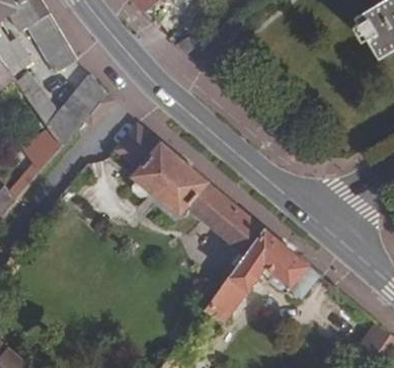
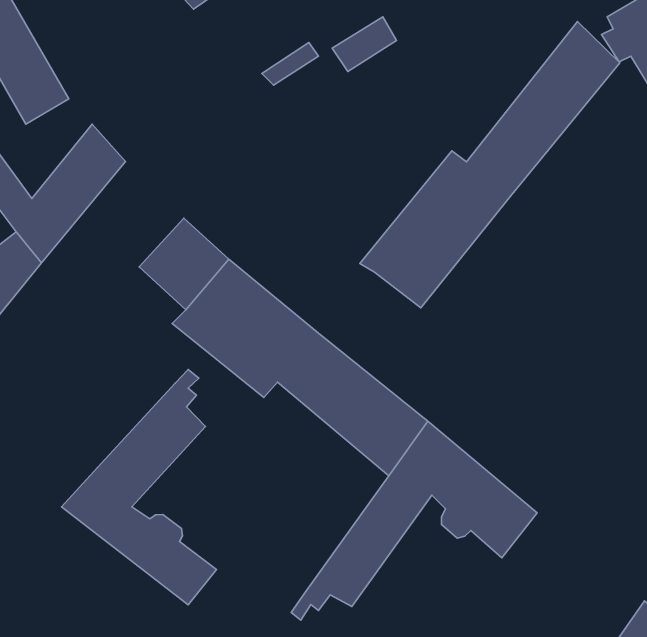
building: none -> [360,22,620,308]
building: none -> [61,369,217,605]

